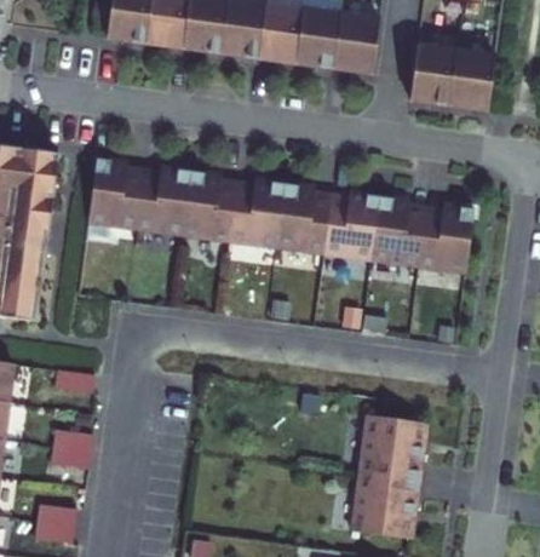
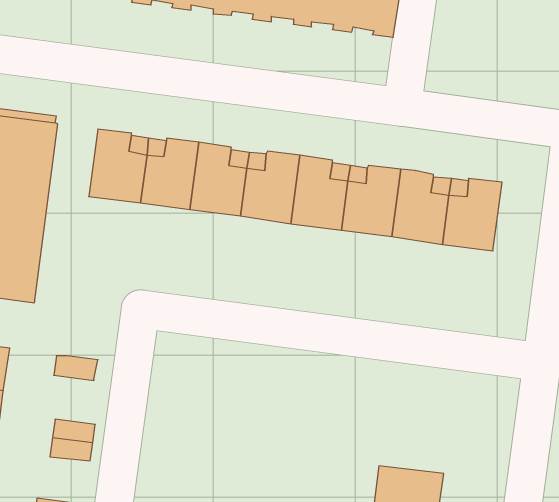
building: [410,45,494,110] -> none
building: [358,415,426,481] -> none

